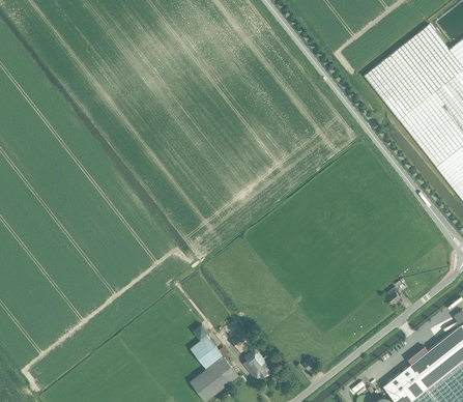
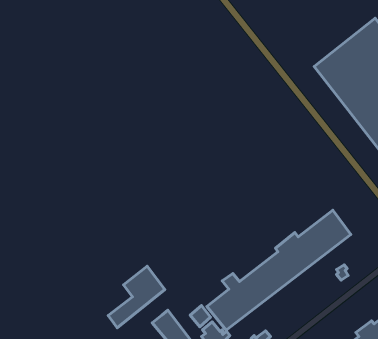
building: none -> [207,210,351,330]
building: none -> [108,266,165,328]

